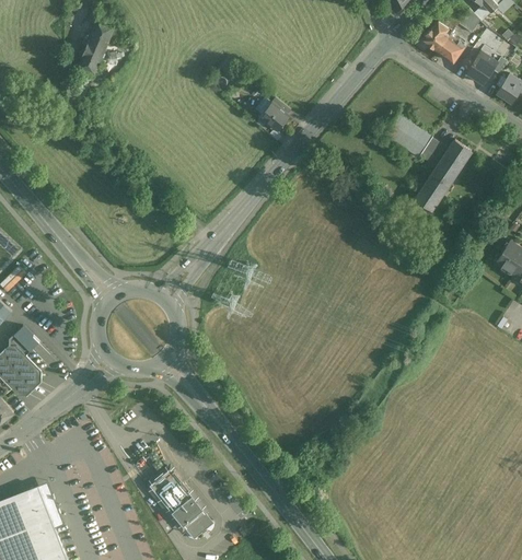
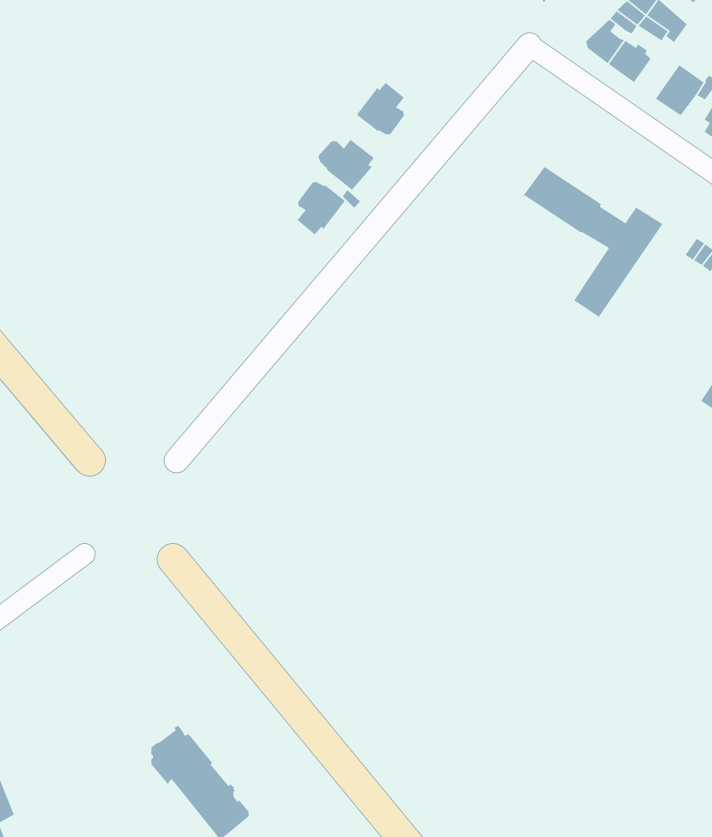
building: [77,22,113,73] -> none
building: none -> [356,82,405,135]
building: none -> [296,181,346,236]

